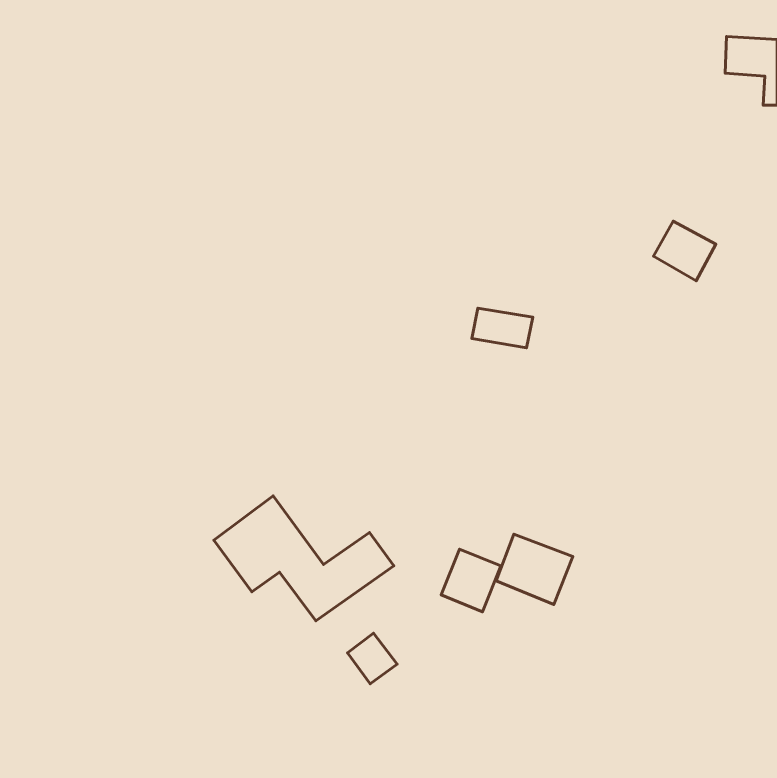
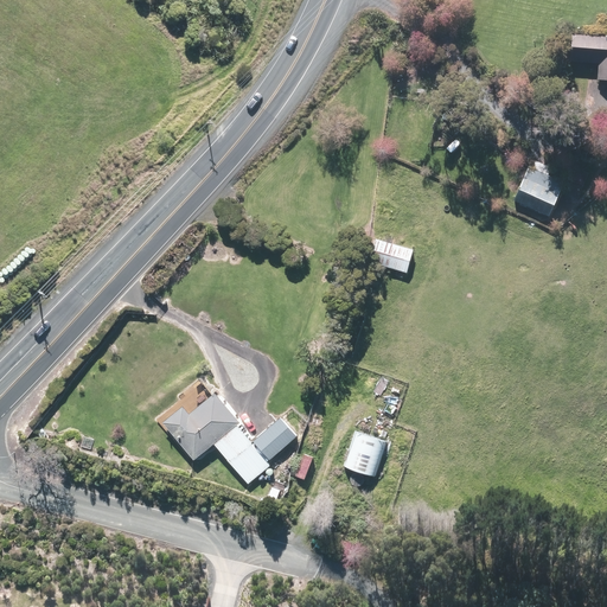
building: [496,534,573,604] -> none
building: [348,633,397,684] -> none

